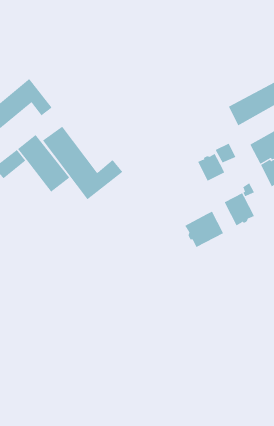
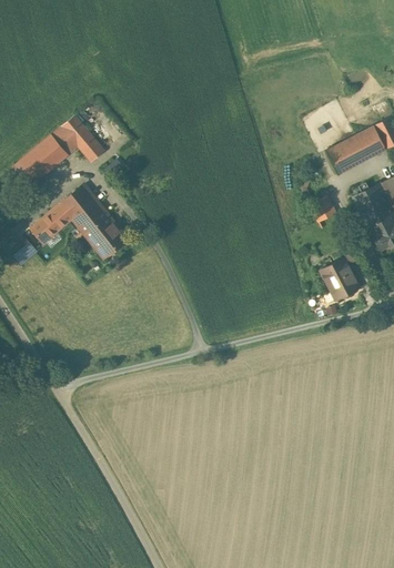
building: [42,126,123,200] -> none
building: [198,153,225,181] -> none
building: [185,211,224,248] -> none

